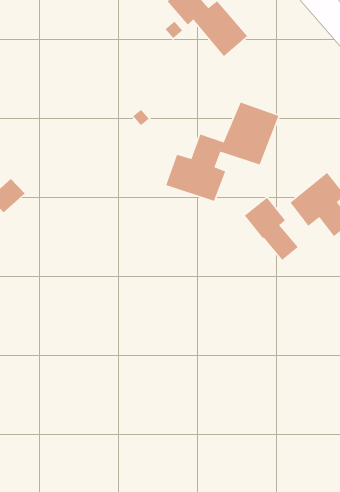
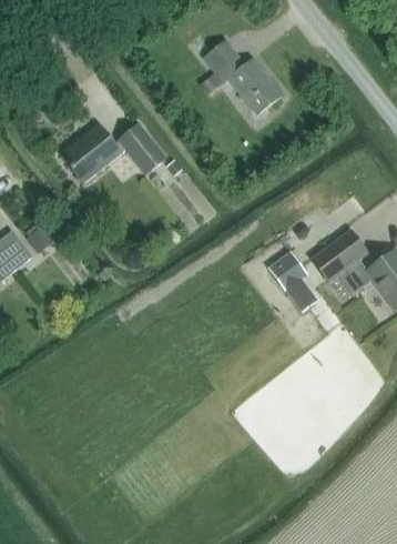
building: none -> [60,124,165,184]
building: [165,101,280,202] -> none

